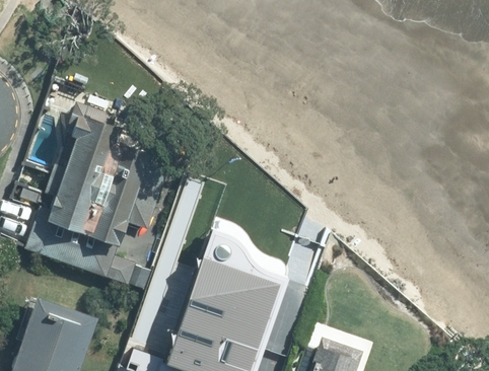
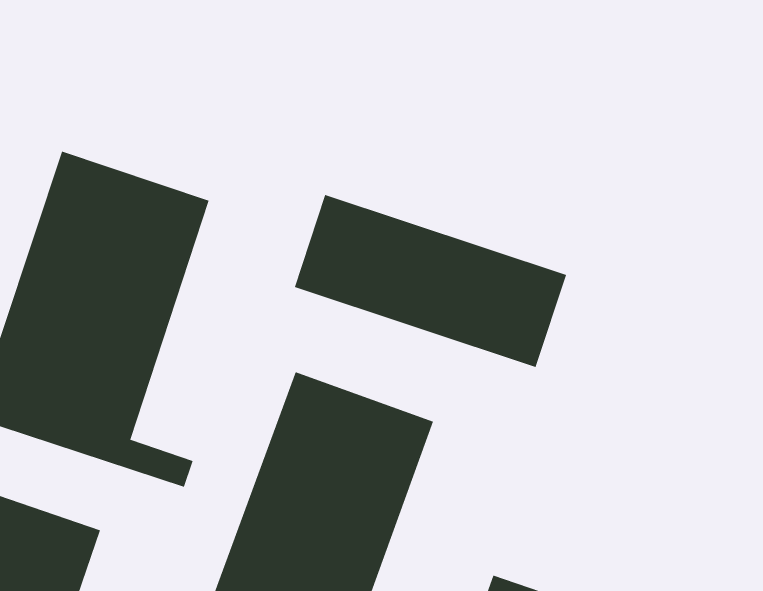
building: none -> [294,194,567,368]

